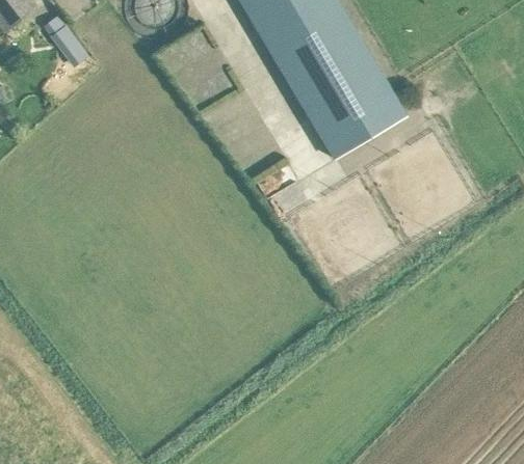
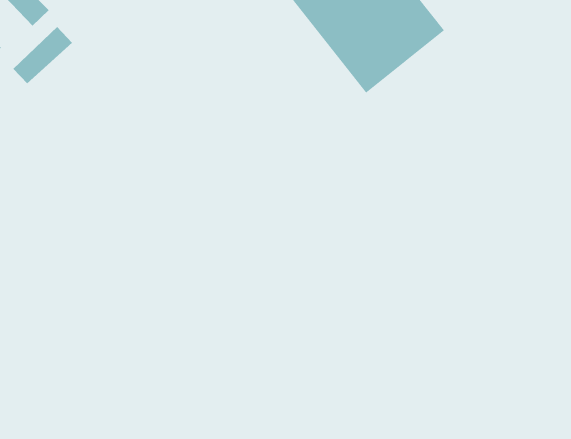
building: none -> [12,26,73,84]

